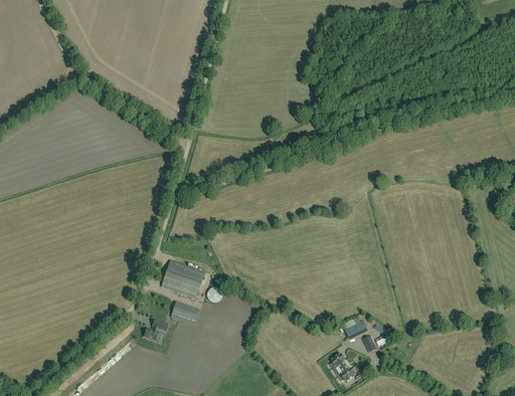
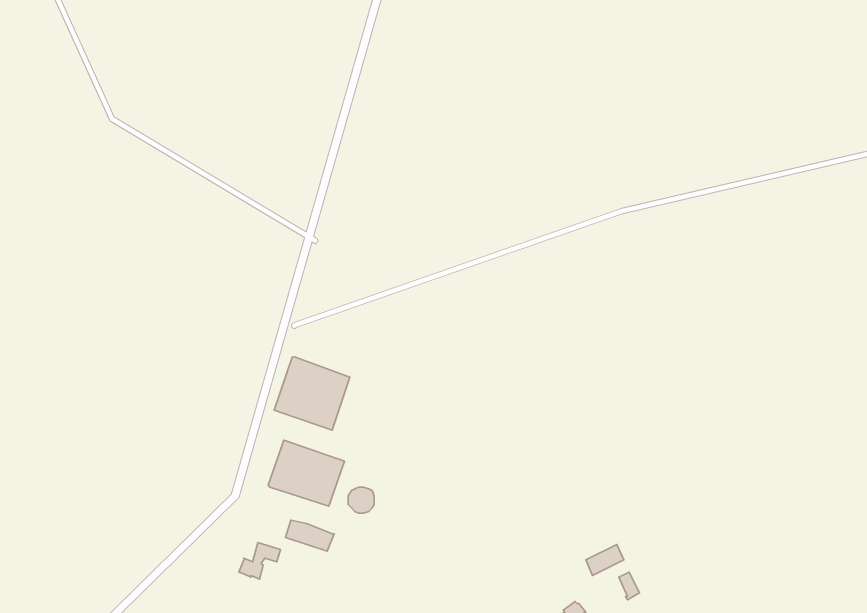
building: none -> [274,357,350,430]

